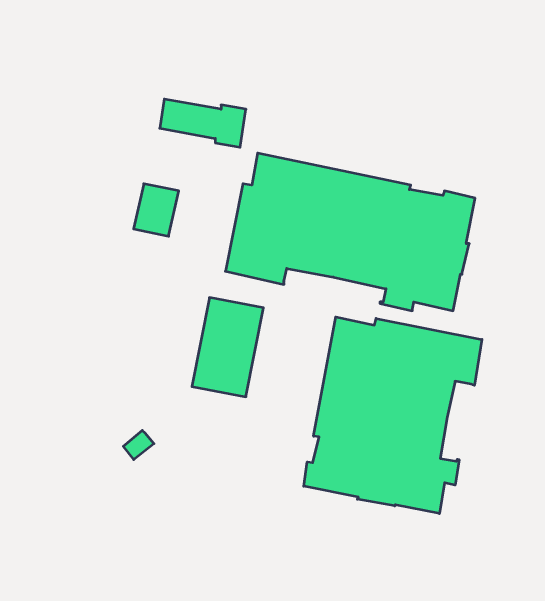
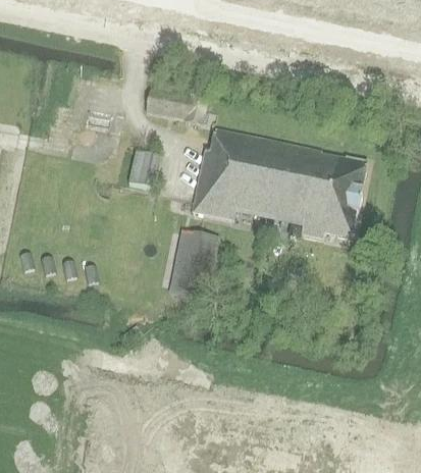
building: [304,317,482,514] -> none

